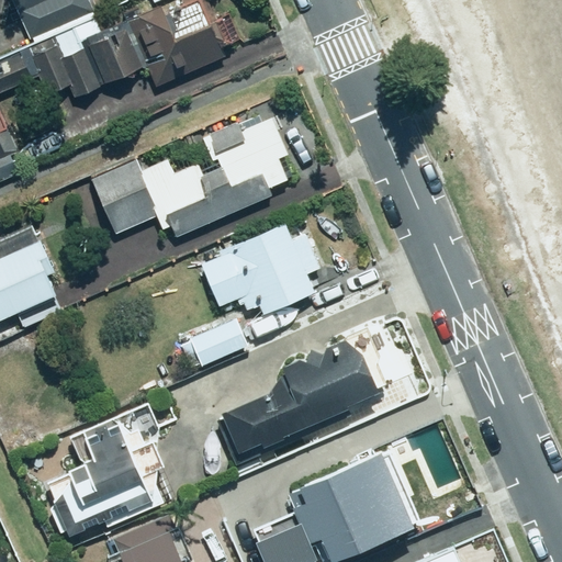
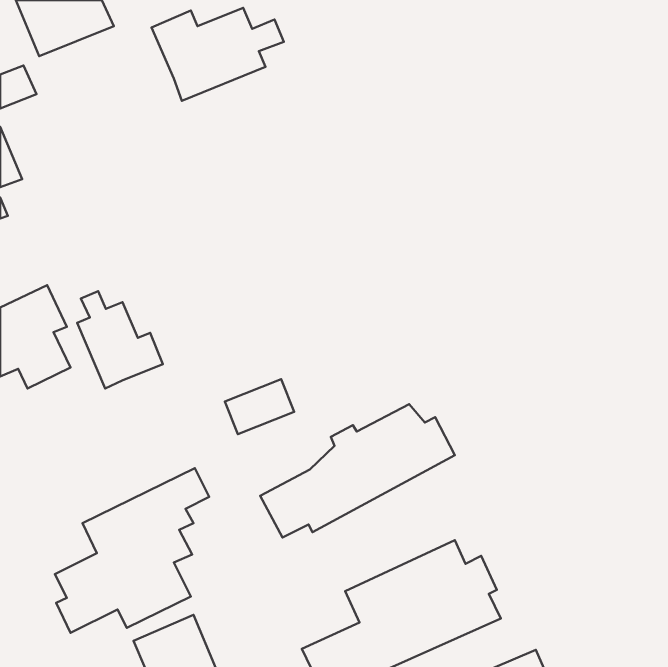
building: [30,23,146,97] -> none
building: [90,117,288,241] -> none
building: [198,224,319,333] -> none
building: none -> [77,291,163,388]

